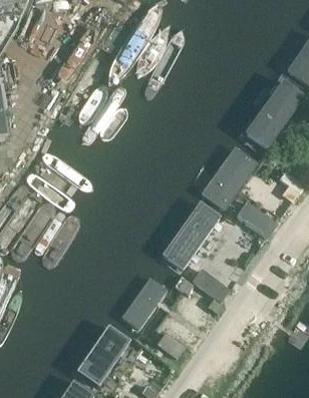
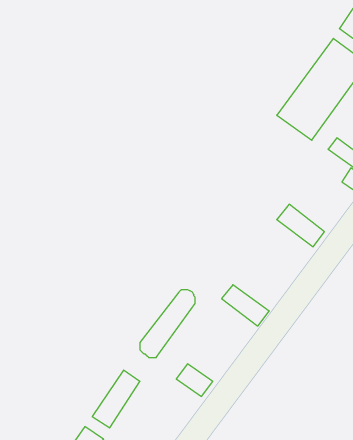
building: [200,142,257,208] -> none
building: [159,204,209,259] -> none

